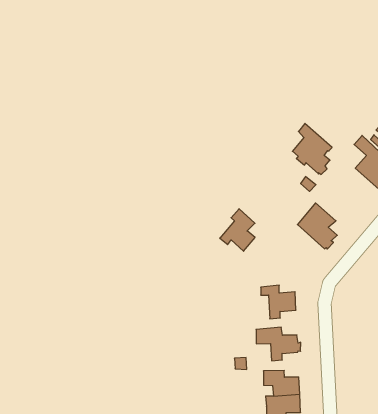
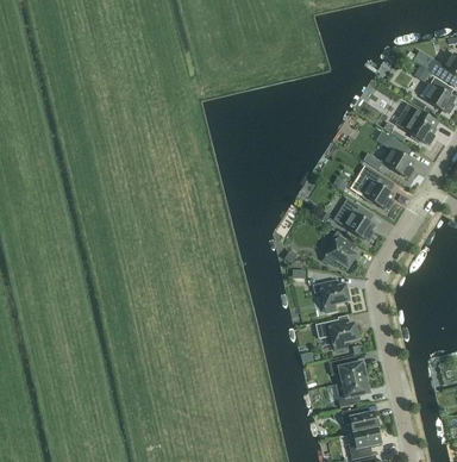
building: [292,123,332,174] -> [358,164,394,208]
building: [220,209,255,251] -> [324,230,356,268]

